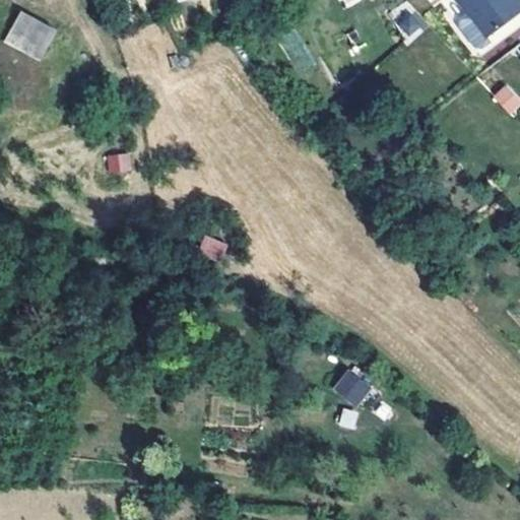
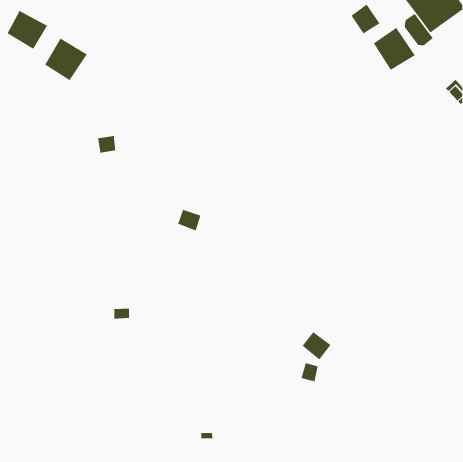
building: none -> [373,27,416,71]
building: none -> [44,38,88,81]

